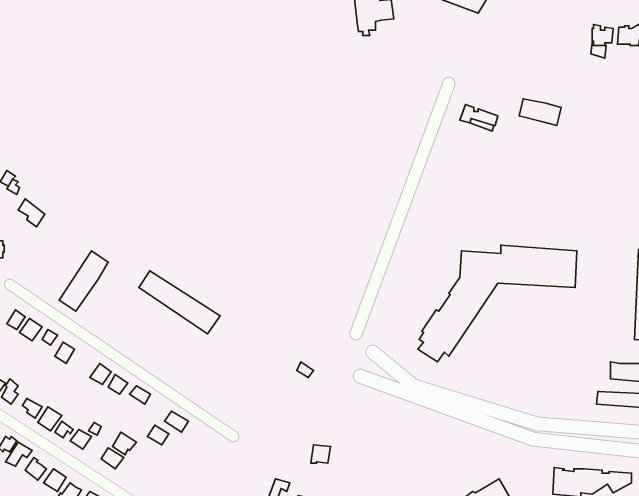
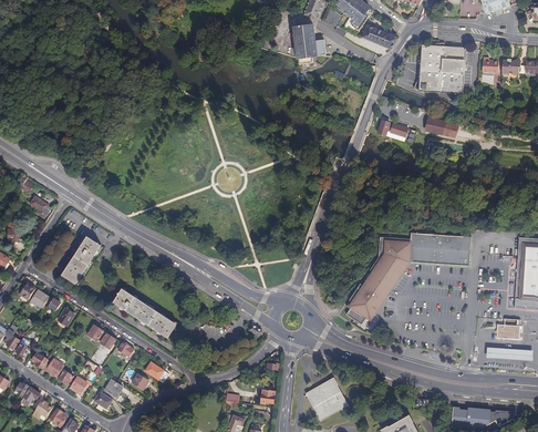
building: none -> [420,45,465,93]
building: [139,271,220,334] -> [113,288,177,338]
building: none -> [306,378,349,421]

